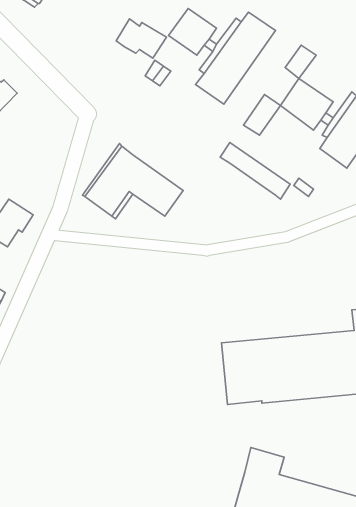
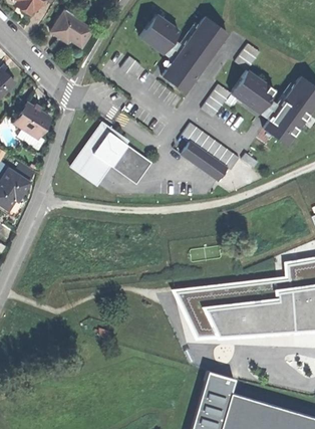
building: [116,19,166,58] -> [52,14,93,46]
building: none -> [15,103,51,139]
building: none -> [182,141,228,181]

